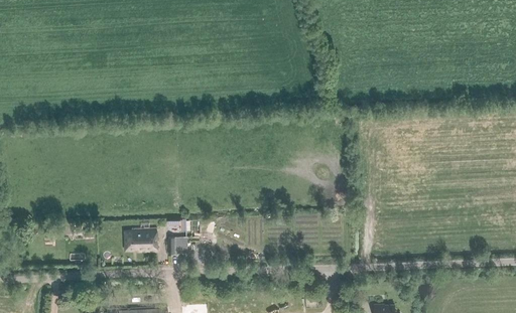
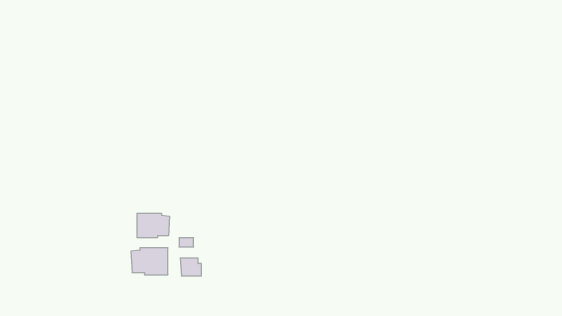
building: none -> [137,213,169,238]

